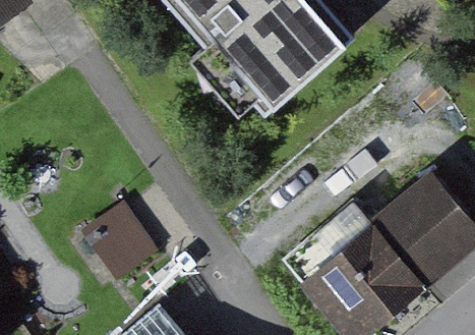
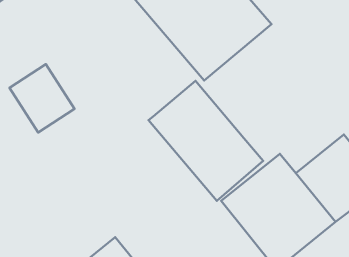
building: none -> [148,81,263,201]
building: [82,203,161,285] -> [10,64,74,132]

